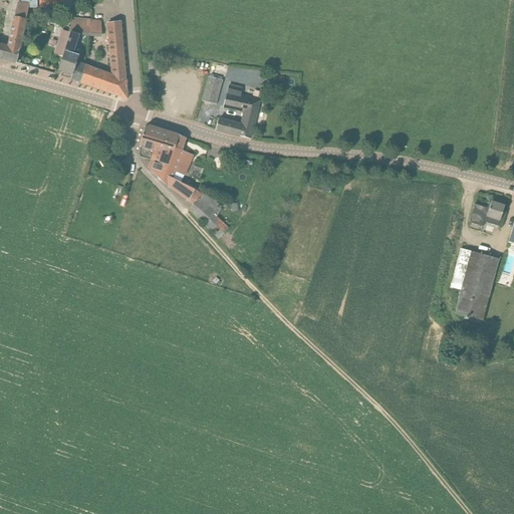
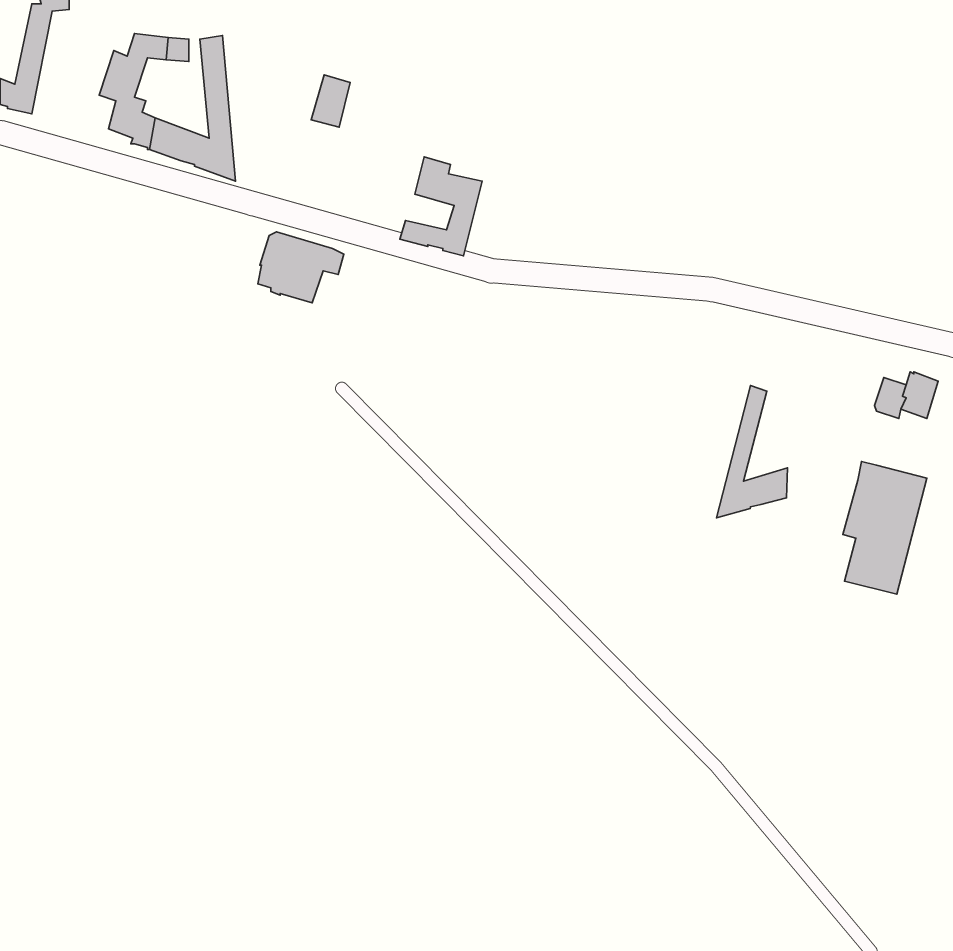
building: [202,75,223,103] -> [311,75,350,127]
building: [149,146,230,237] -> none
building: none -> [717,385,788,518]

